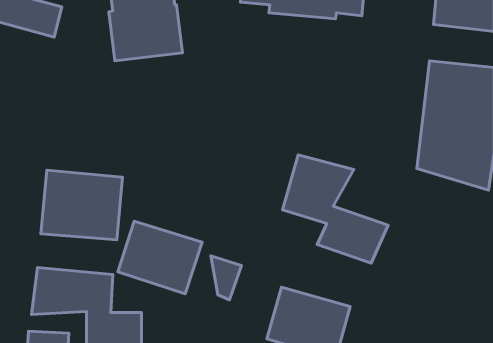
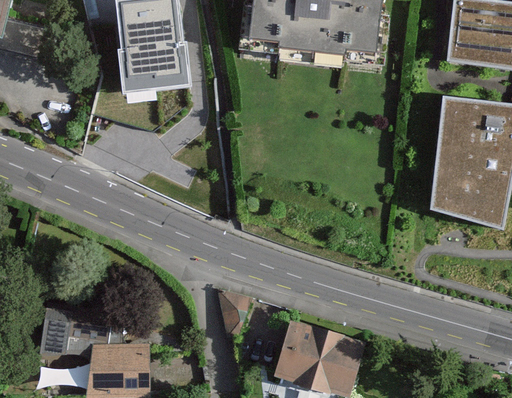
building: [283,155,388,263] -> none
building: [41,170,123,240] -> none
building: [118,221,202,294] -> none

